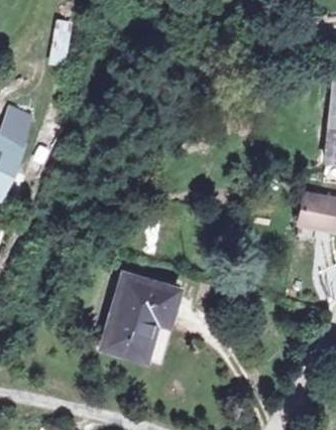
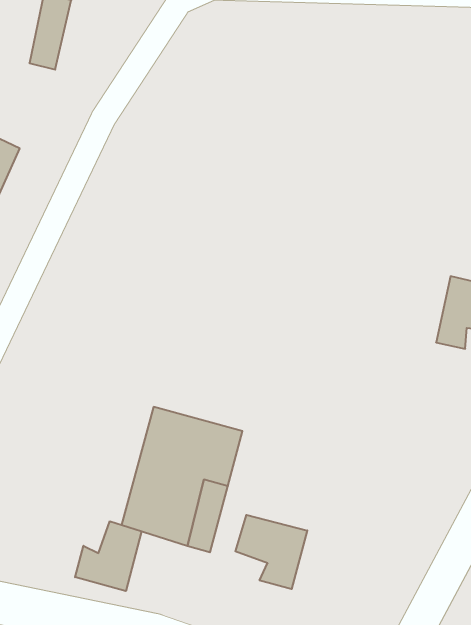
building: none -> [235,515,307,589]
building: none -> [75,521,141,591]

